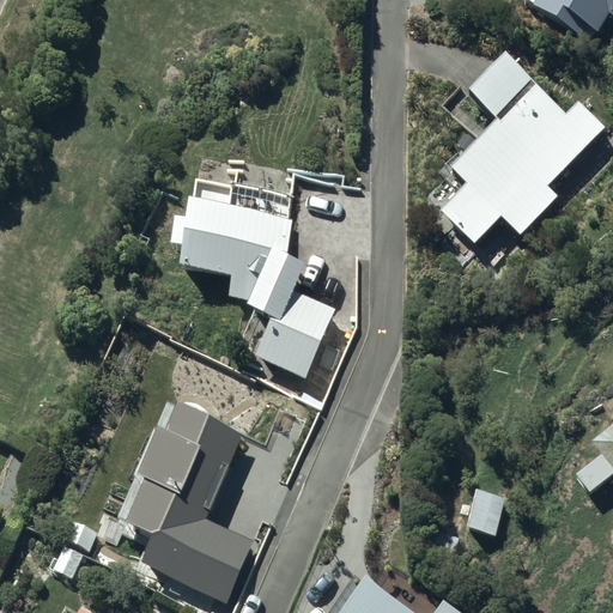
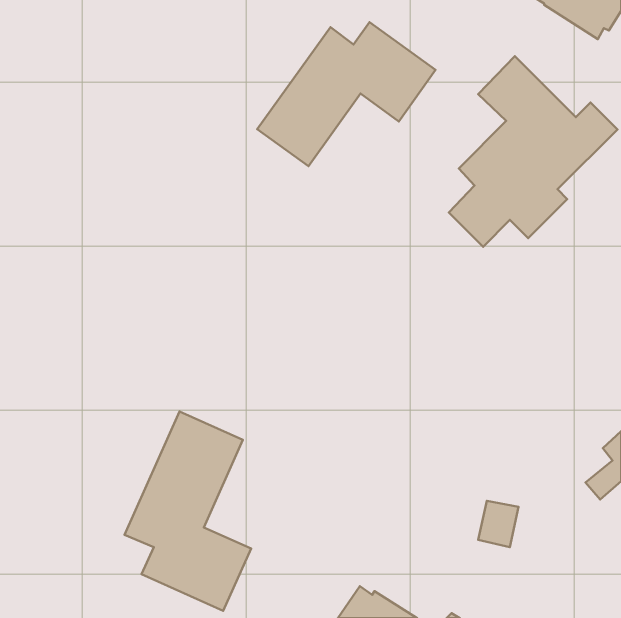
building: none -> [257,22,436,166]
building: [172,181,334,376] -> none

